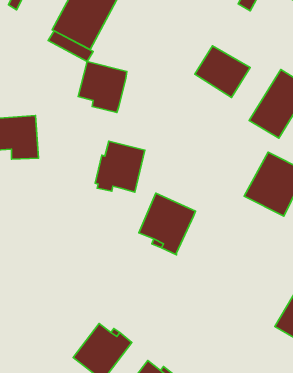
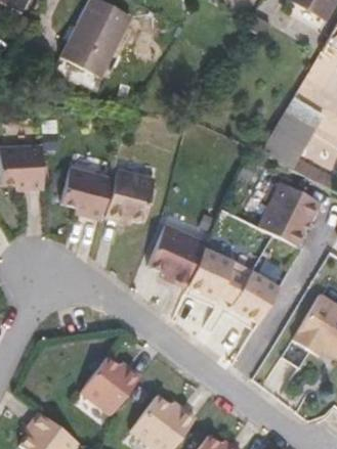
building: [195,46,250,98] -> none
building: [78,62,127,112] -> [61,167,112,219]
building: none -> [187,246,280,321]

